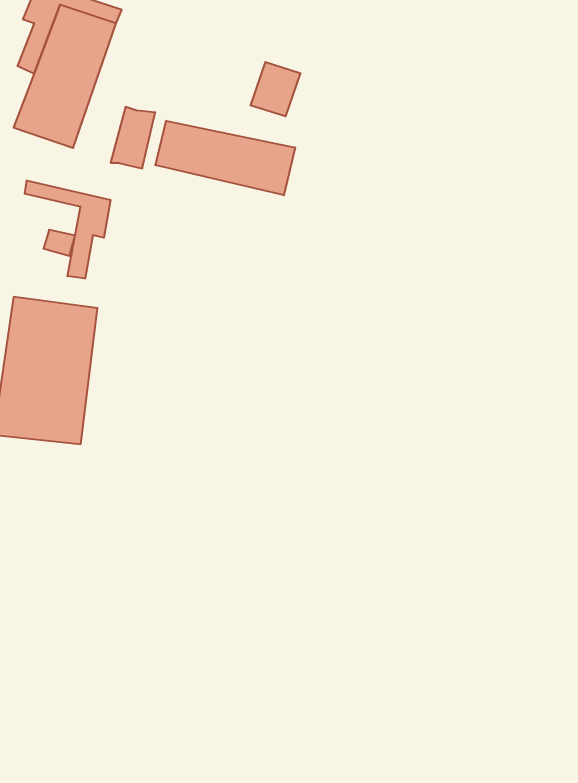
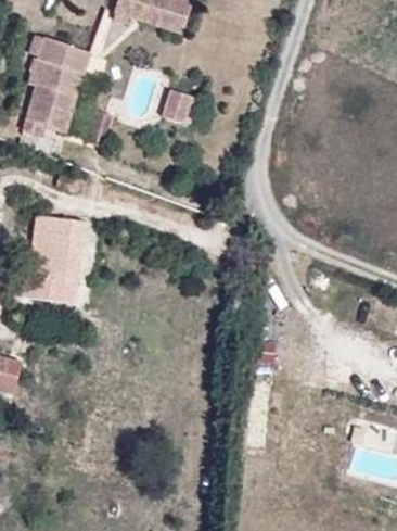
building: [155,121,295,195] -> none
building: [25,180,110,279] -> none

